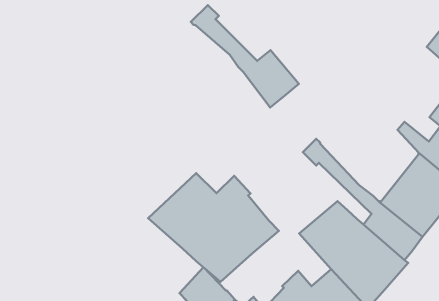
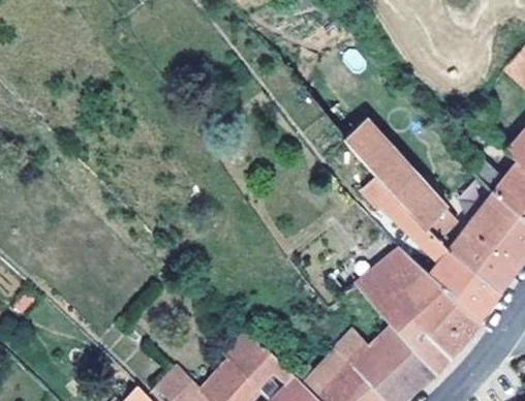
building: [191,5,299,107] -> none
building: none -> [345,121,447,230]
building: [148,173,279,282] -> none

